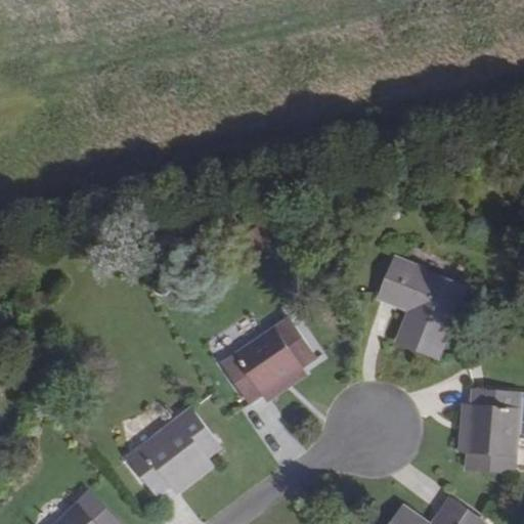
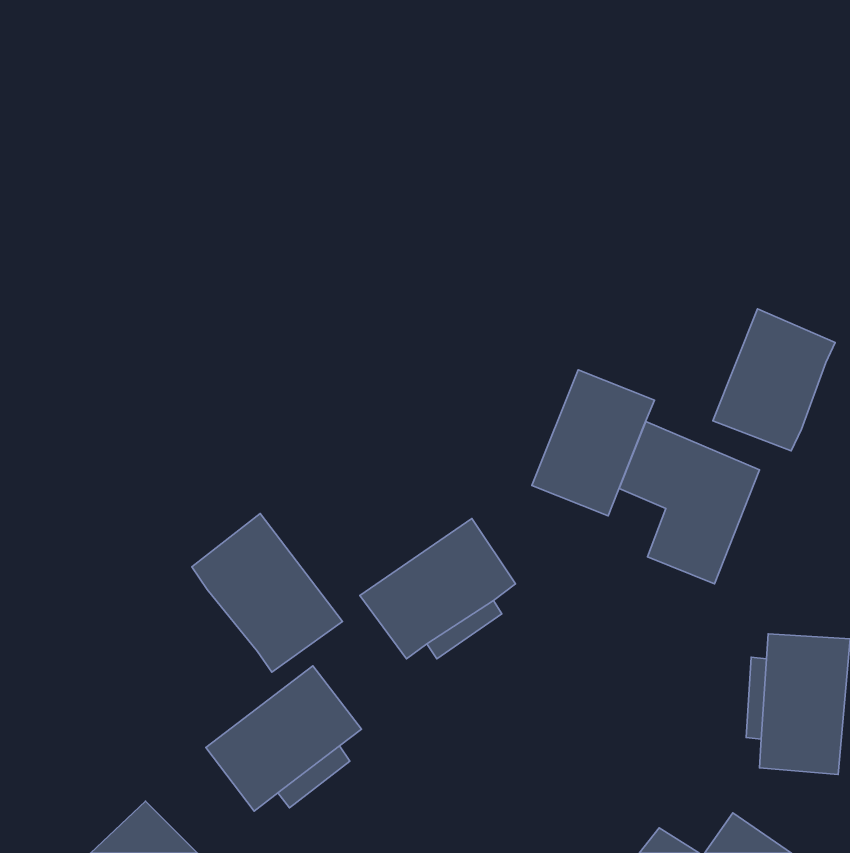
building: none -> [713,309,835,451]
building: none -> [532,370,654,516]
building: none -> [192,513,343,672]

